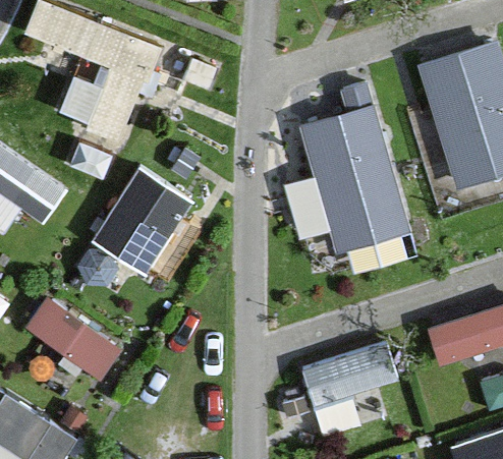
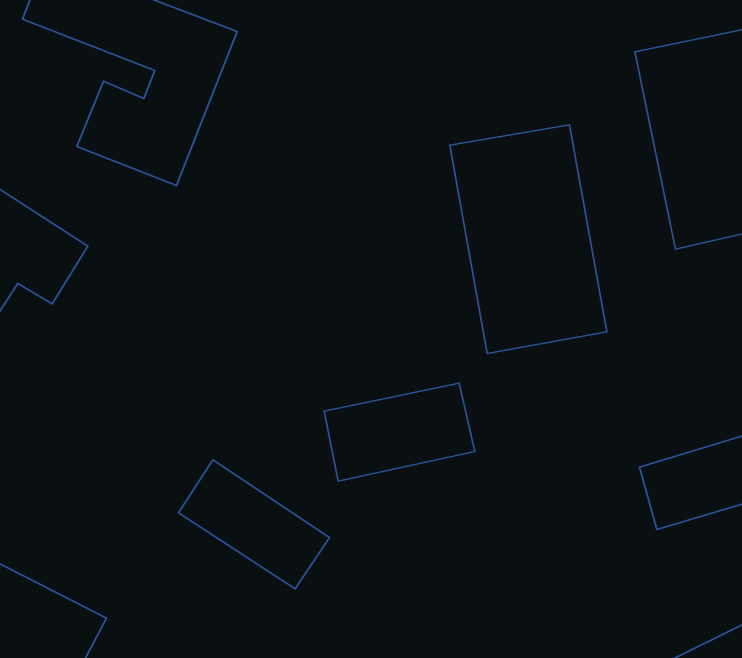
building: [91,161,197,273] -> none
building: [24,293,123,378] -> [179,460,329,589]
building: [300,344,399,408] -> [324,383,475,481]

